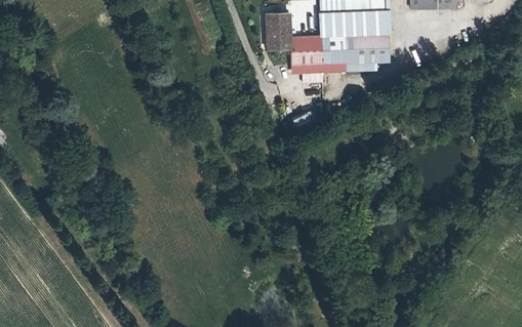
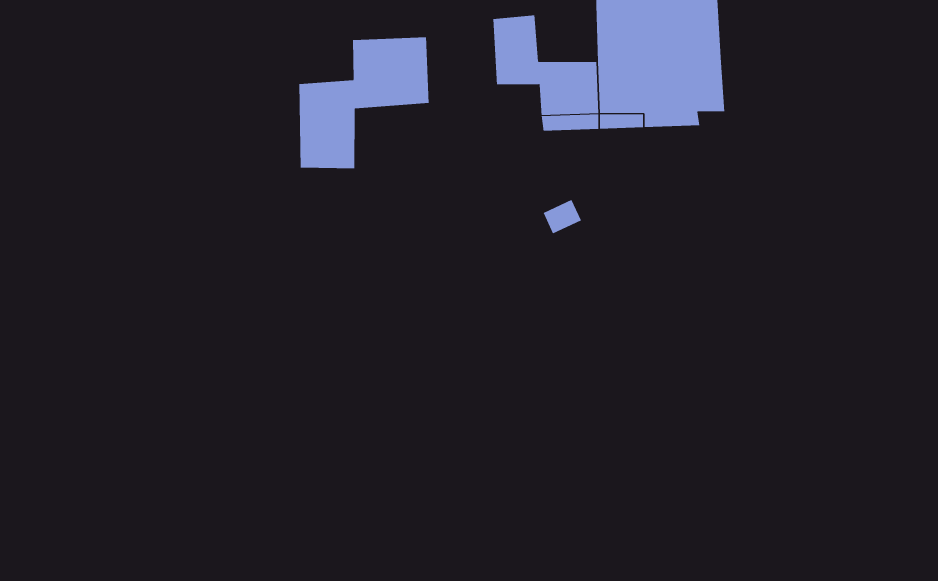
building: none -> [299,36,429,169]

